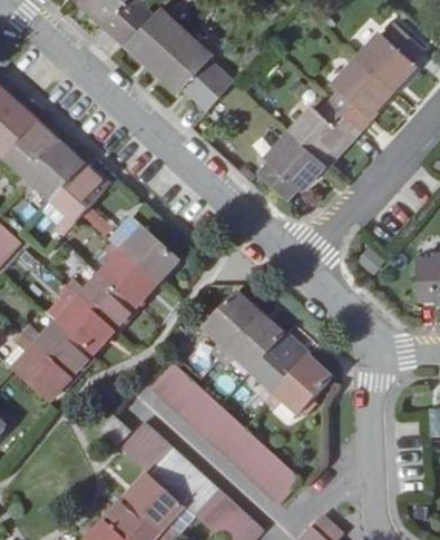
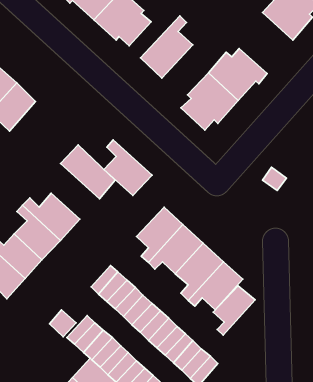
building: [327,58,392,131] -> none
building: none -> [140,16,193,78]
building: [51,165,108,232] -> none
building: [101,239,159,306] -> [104,140,152,196]
building: none -> [213,286,255,335]

